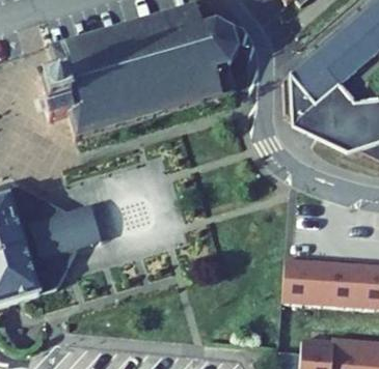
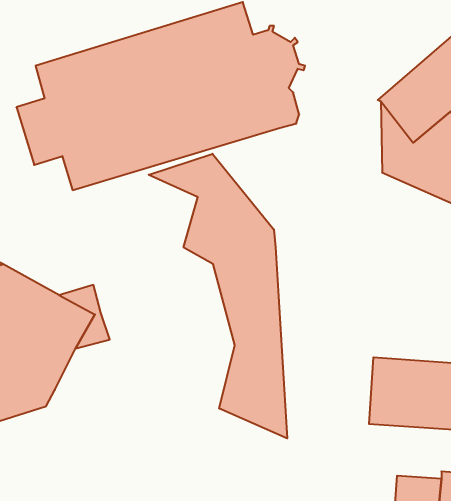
building: none -> [149,154,287,438]

